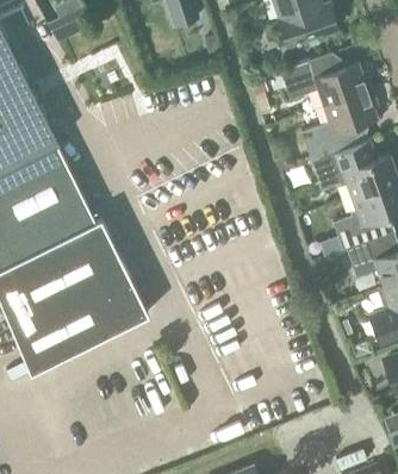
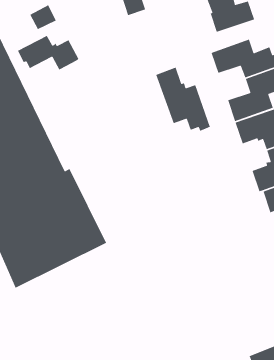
building: none -> [17,35,80,70]
building: none -> [155,67,211,132]

